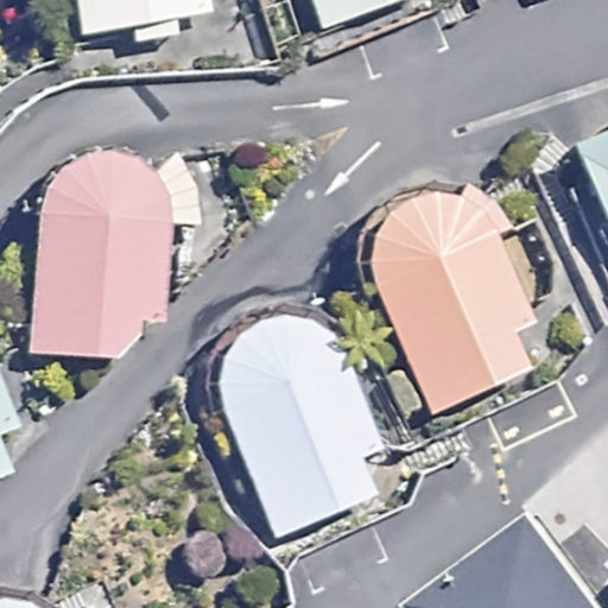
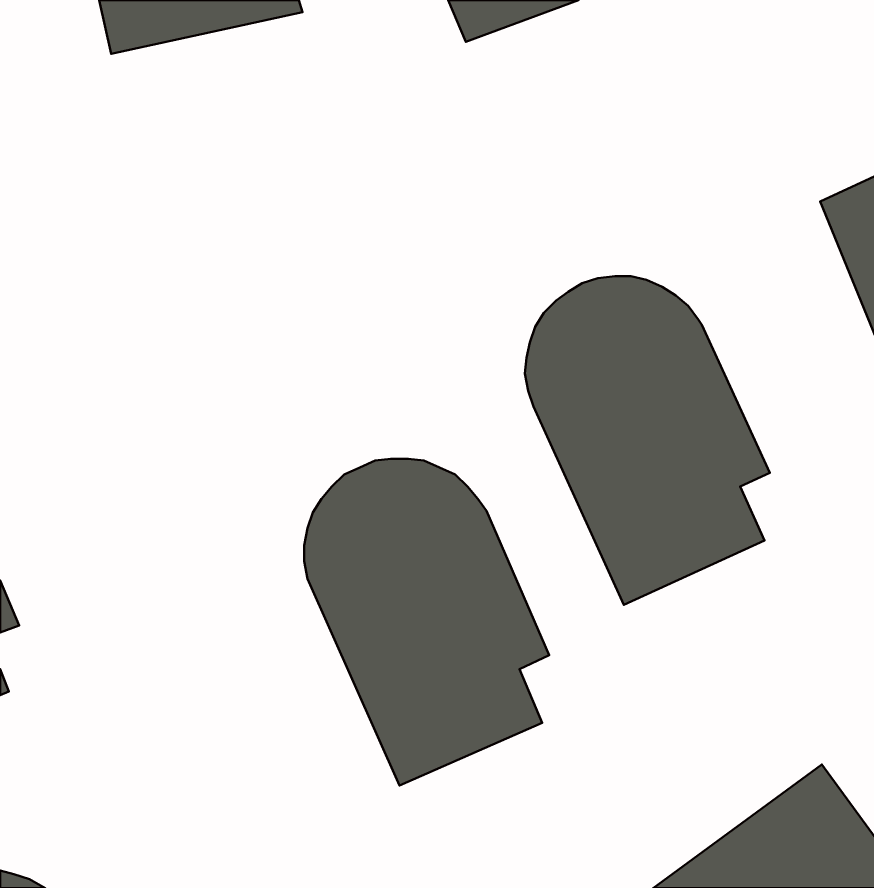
building: [27,146,209,359] -> none

